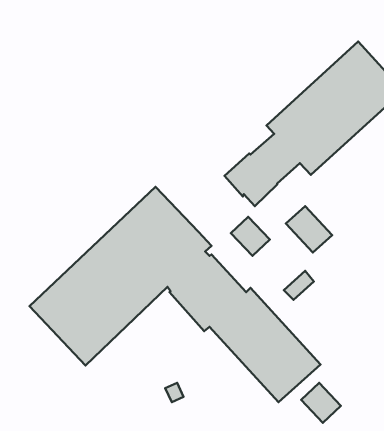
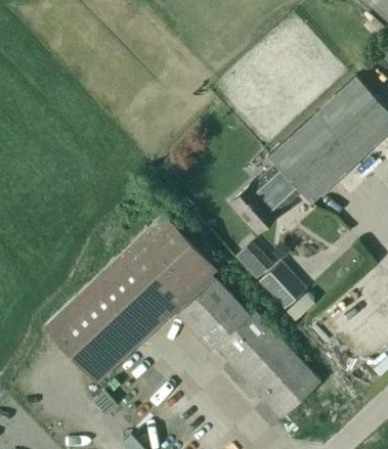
building: [286,206,332,252] -> [260,265,304,309]
building: [301,383,341,423] -> none

